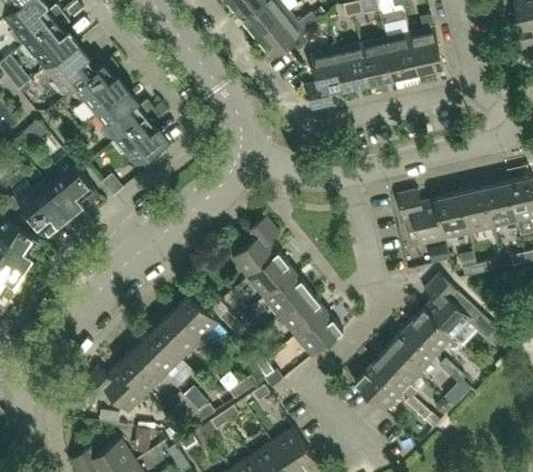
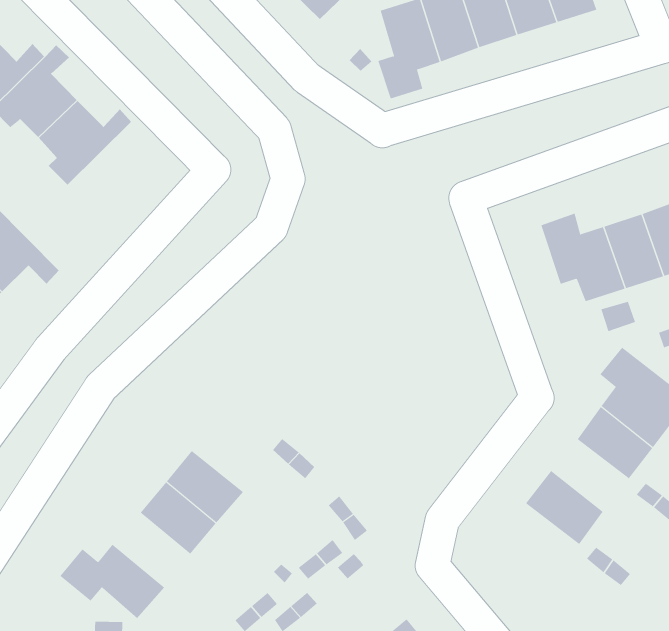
building: [111,109,163,165] -> none
building: [231,216,343,357] -> none
building: [171,294,218,341] -> none
building: [389,328,436,374] -> none
building: [117,348,165,395] -> none
building: [354,364,402,412] -> none

